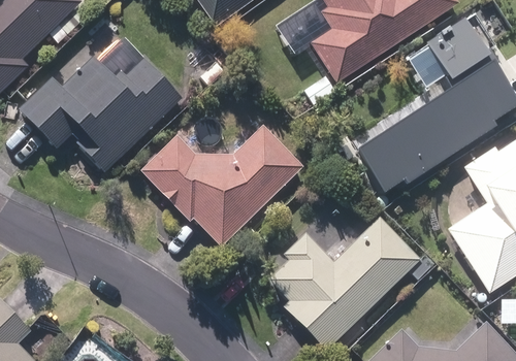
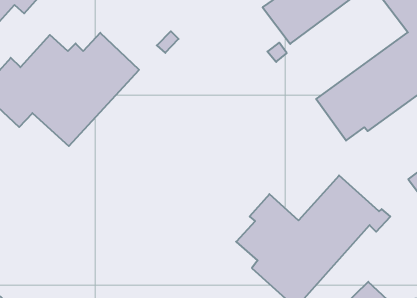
building: [139,126,302,247] -> none

